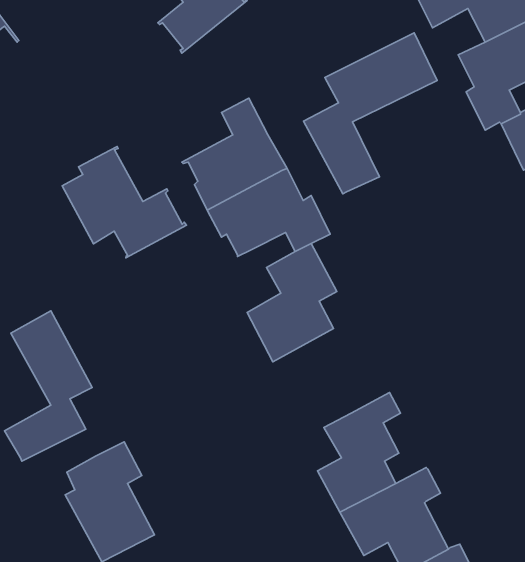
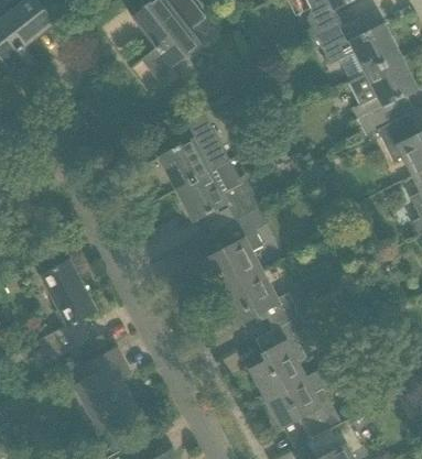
building: [304,33,437,194] -> none
building: [62,146,187,258] -> none
building: none -> [220,270,301,328]

